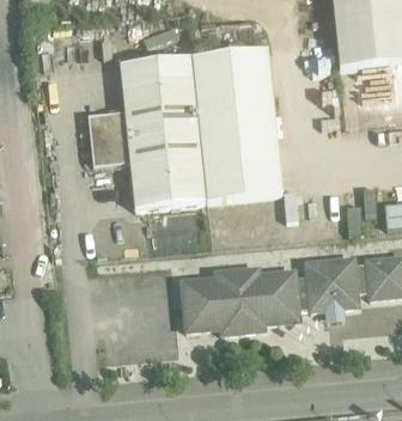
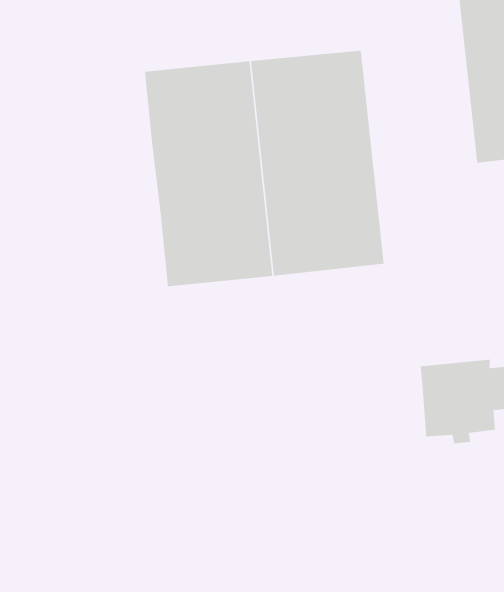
building: [87,110,130,164] -> none
building: [181,267,310,334] -> none

